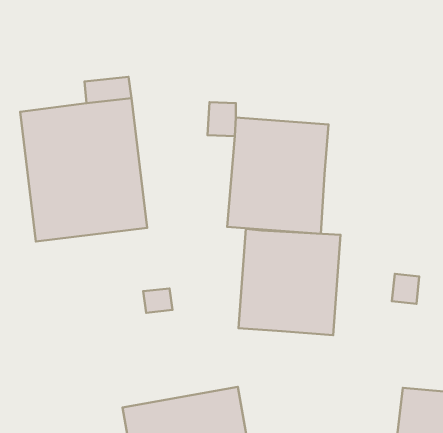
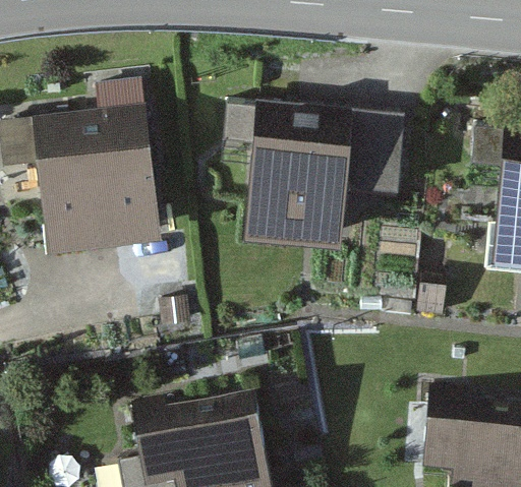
building: none -> [347,110,405,187]
building: [239,229,340,335] -> none

